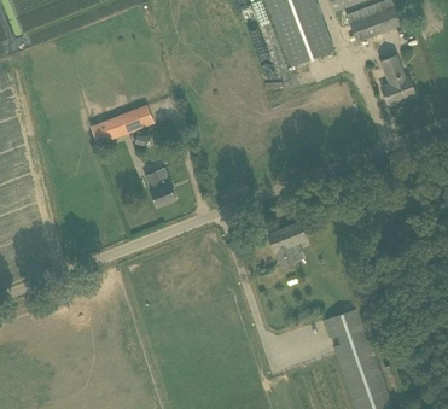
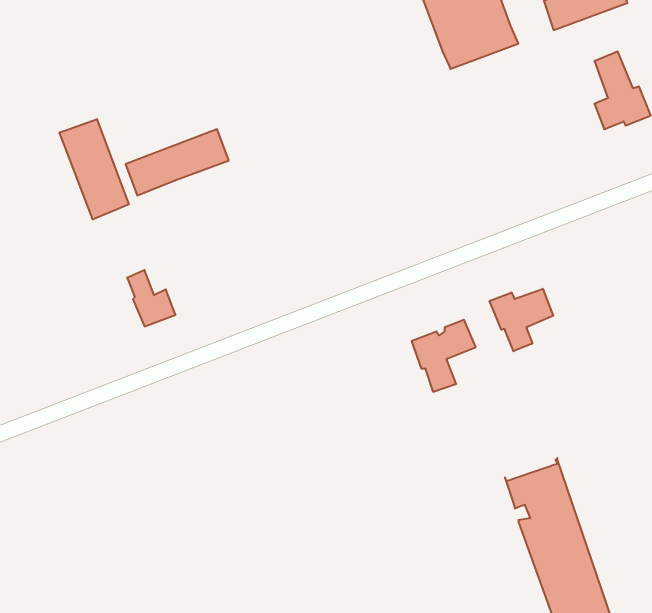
building: none -> [60,119,129,219]
building: [145,170,175,205] -> [127,270,176,326]
building: none -> [490,289,553,351]

